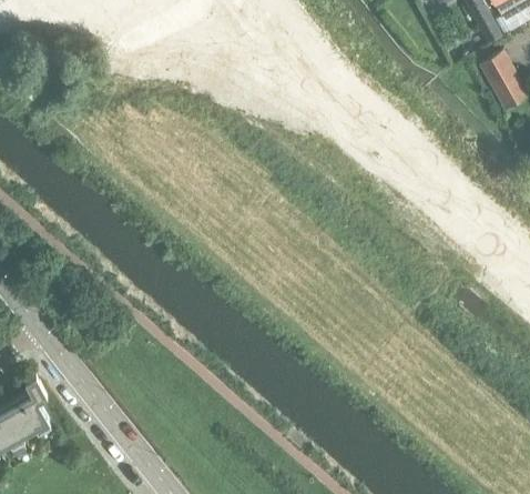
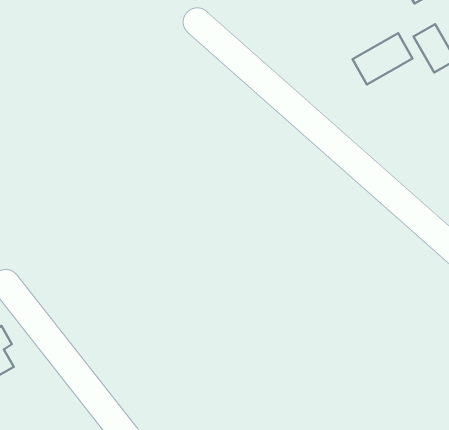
building: none -> [353,33,413,84]

